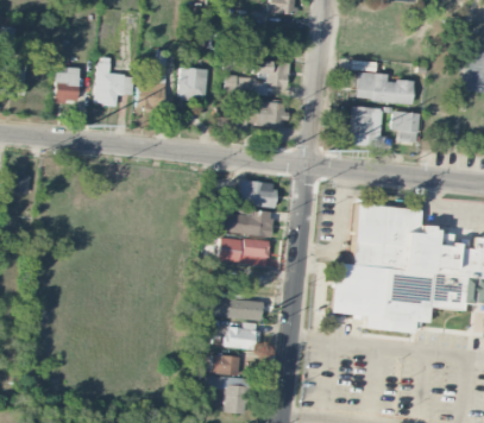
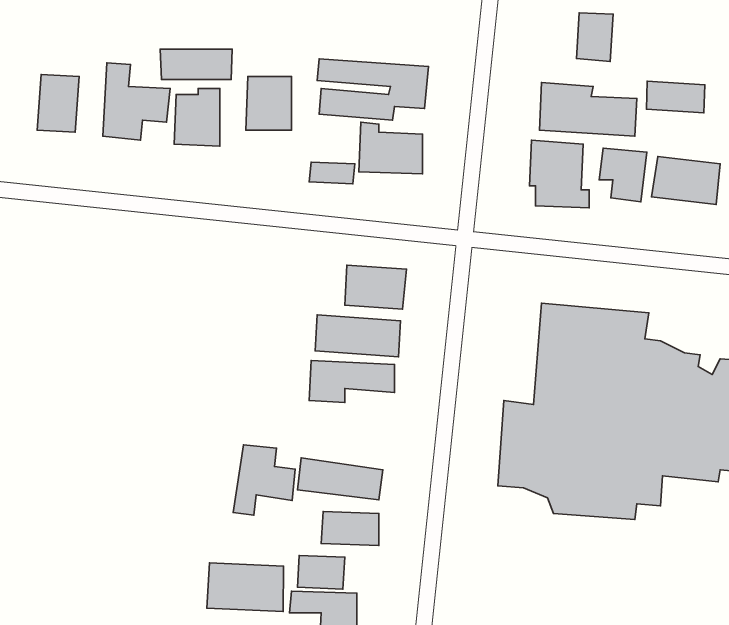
building: none -> [576,13,613,62]
building: none -> [160,49,232,80]
building: none -> [646,81,705,113]
building: none -> [652,156,720,205]
building: none -> [233,445,295,515]
building: none -> [207,563,283,611]

